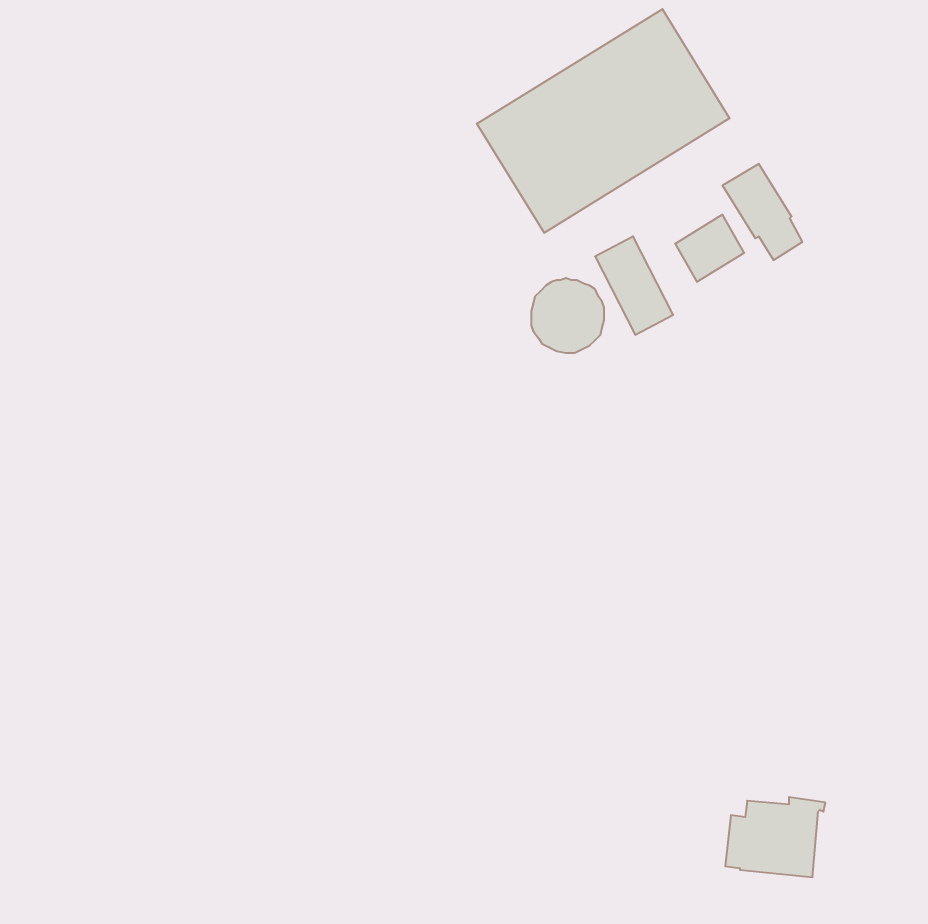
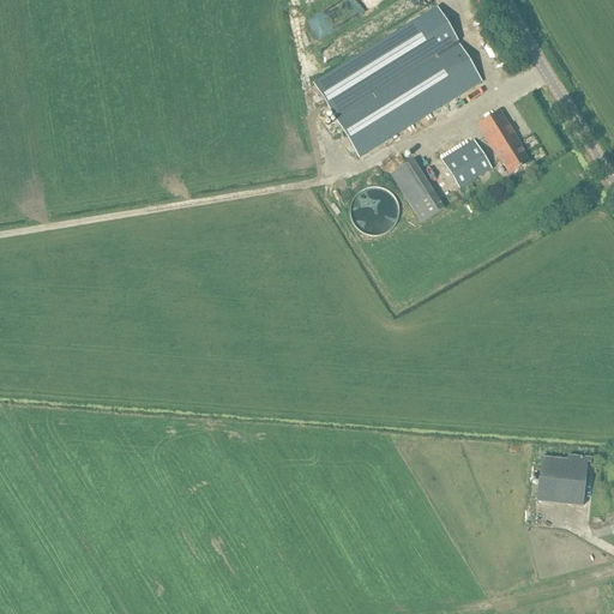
building: [725,797,825,877] -> [526,451,592,504]

